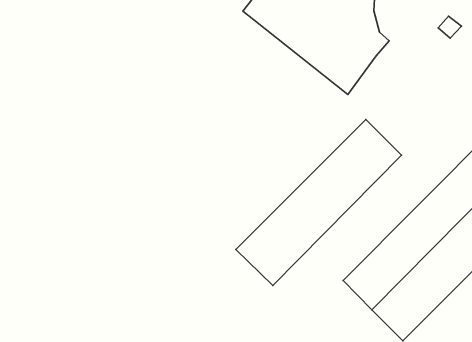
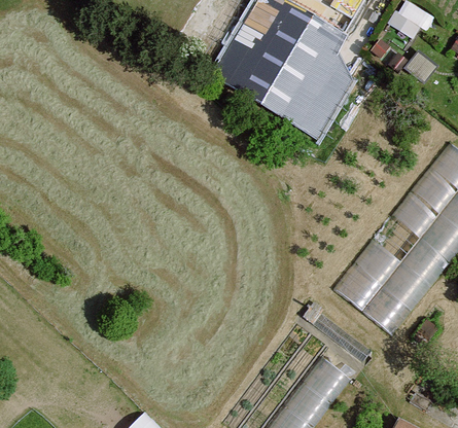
building: [236,119,402,286] -> none

